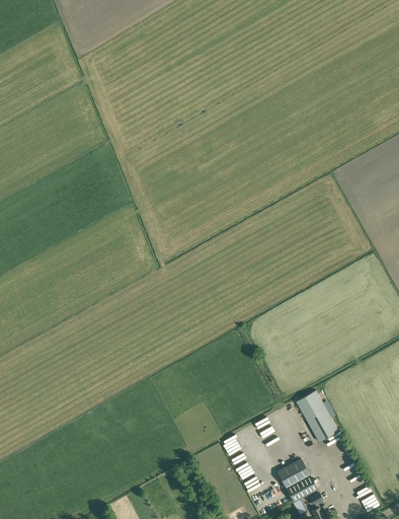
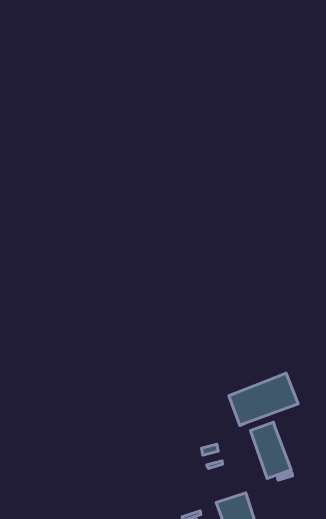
building: none -> [229,373,298,425]

